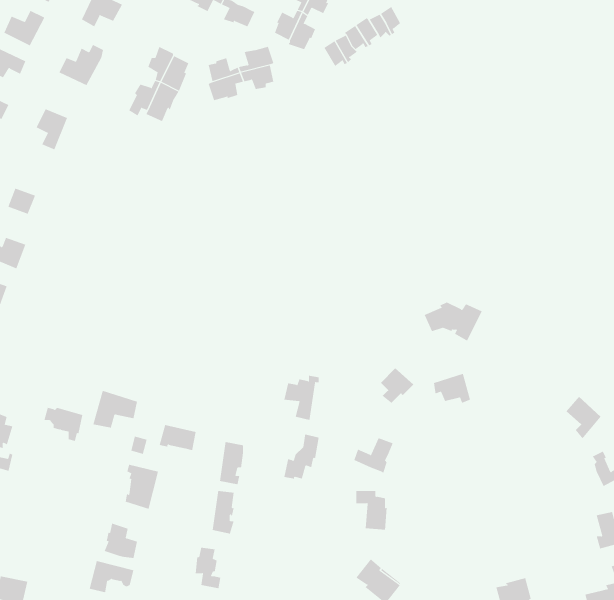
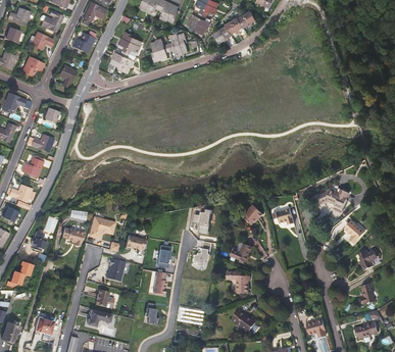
building: [424,302,483,341] -> [317,188,349,209]

